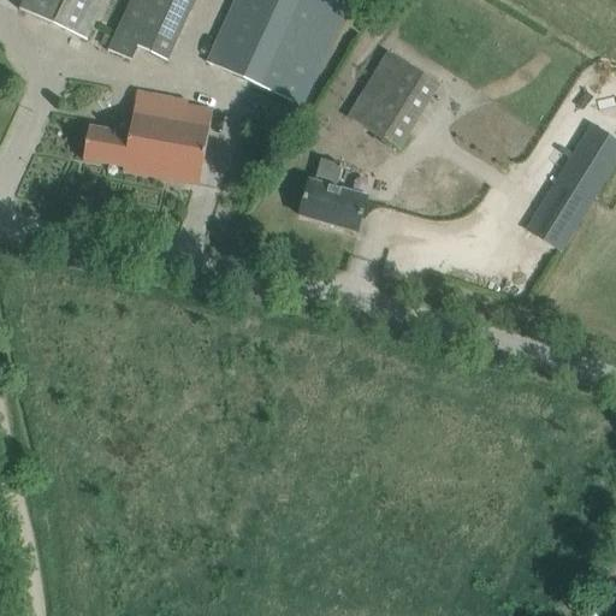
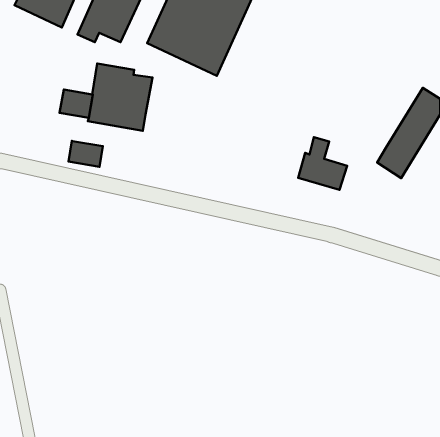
building: [348,53,437,147] -> none
building: [300,156,368,230] -> [298,137,347,190]
building: none -> [68,141,103,167]

